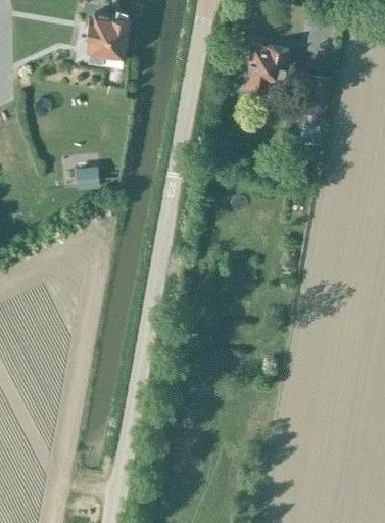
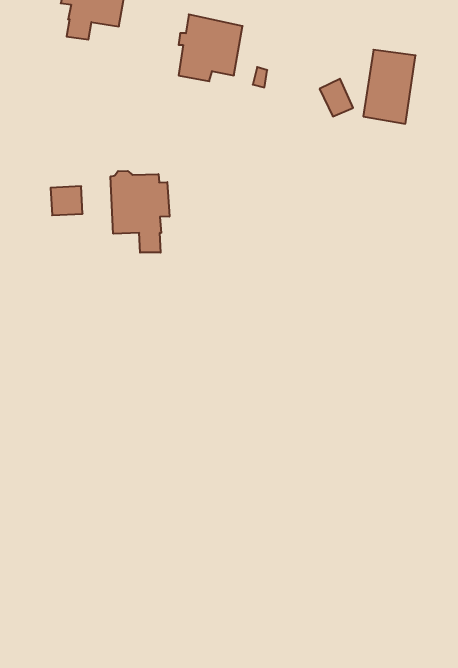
building: [244,45,289,92] -> [179,14,243,81]
building: none -> [111,171,169,253]

